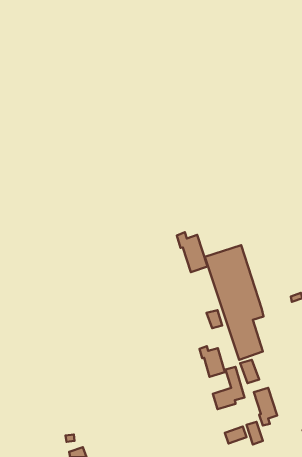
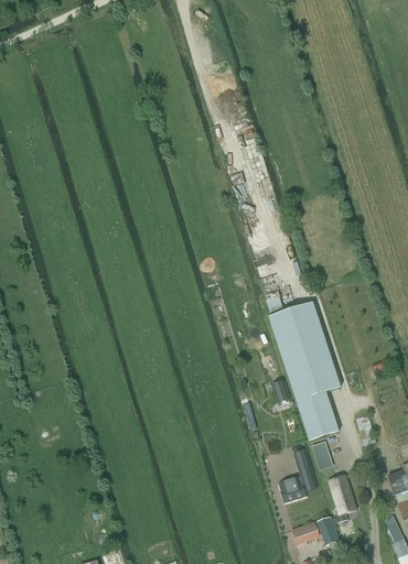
building: [177,232,207,272] -> none
building: [200,346,225,377] -> none

